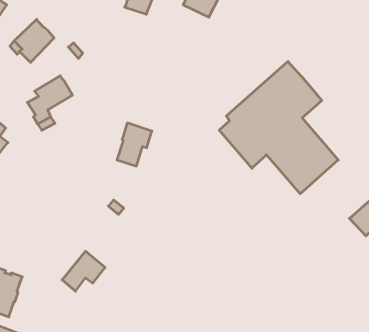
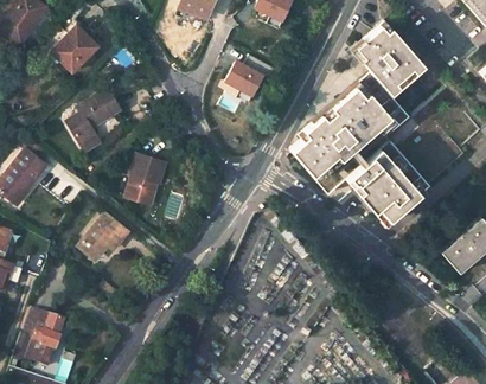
building: none -> [351,21,423,94]
building: none -> [222,57,262,94]
building: [117,123,152,166] -> [126,154,166,204]
building: [62,251,105,291] -> [78,213,128,260]

